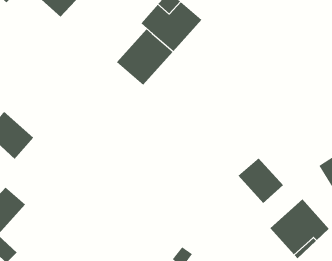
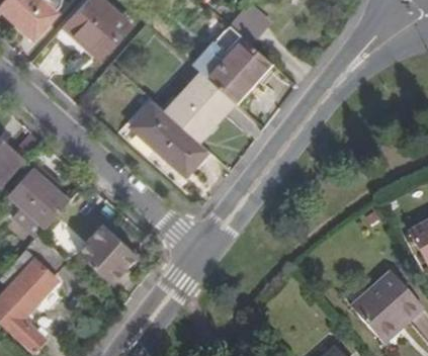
building: none -> [130,98,208,173]
building: [238,158,284,204] -> none
building: none -> [81,227,136,281]

